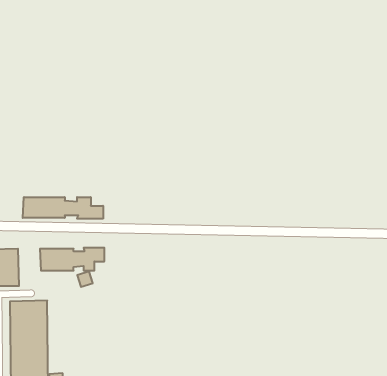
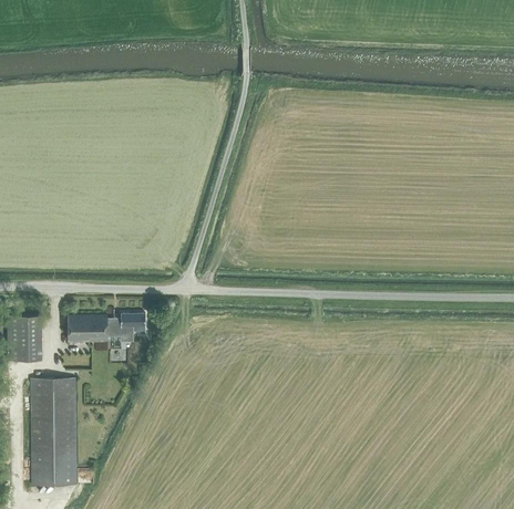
building: [23,197,103,219] -> none

